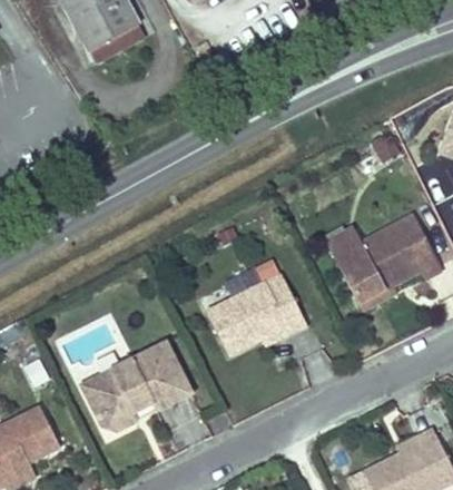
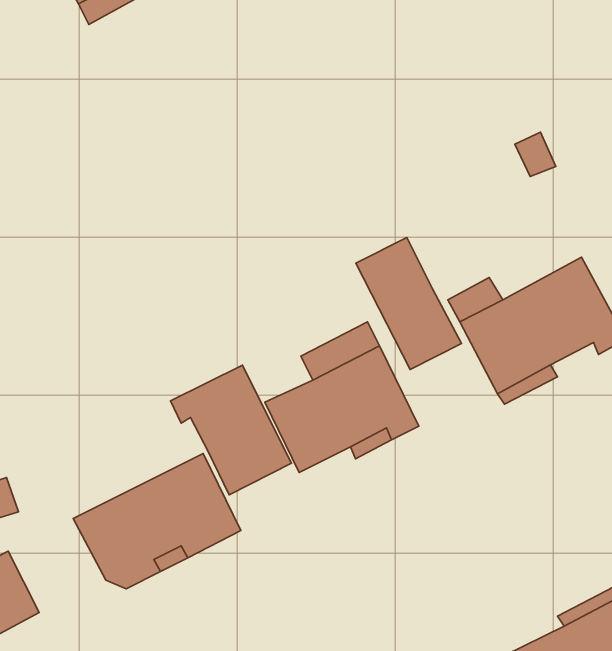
building: none -> [356,237,461,369]
building: none -> [170,365,292,495]

